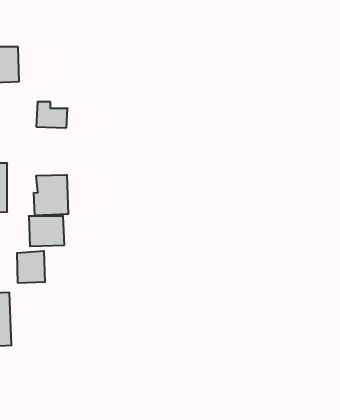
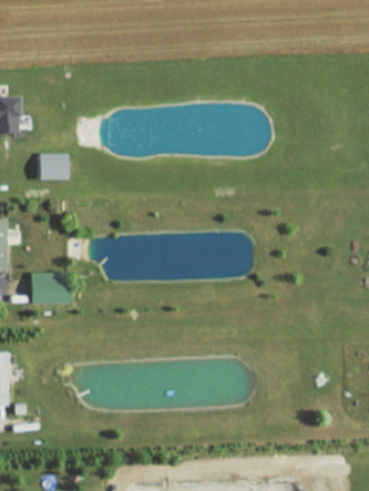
building: [34,175,68,215] -> none
building: [17,251,45,283] -> none

